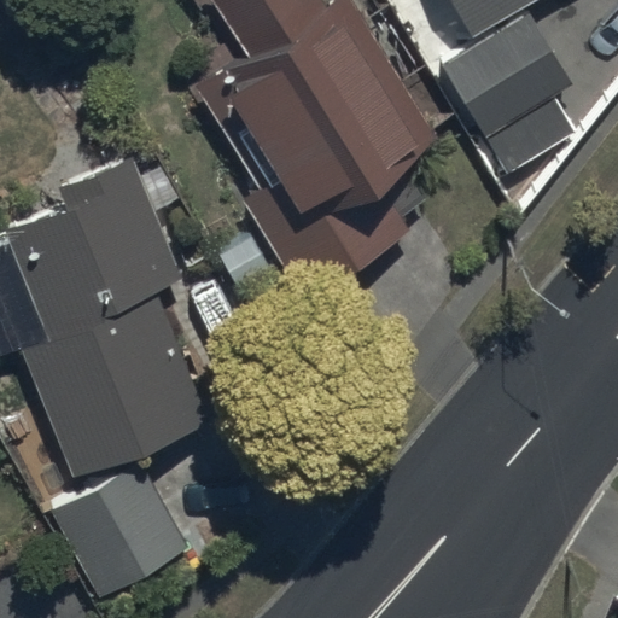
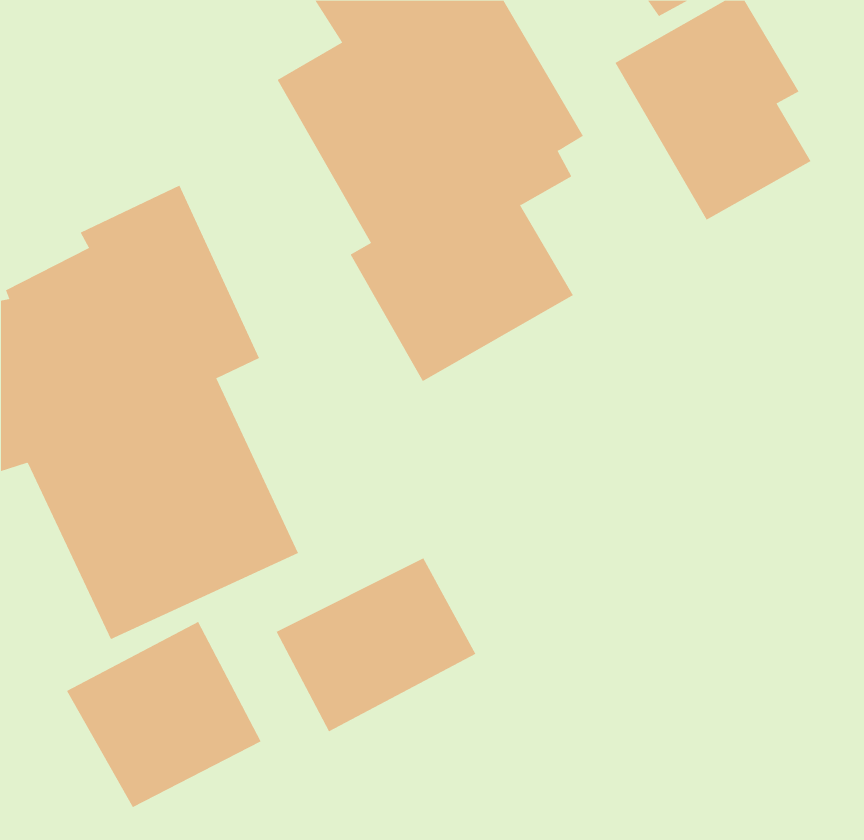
building: none -> [276,557,476,732]

